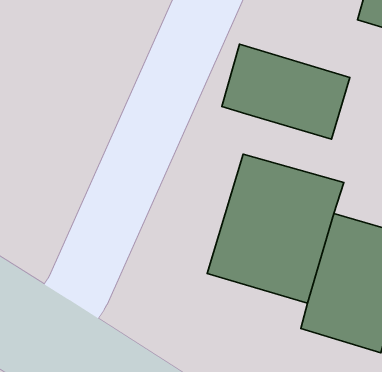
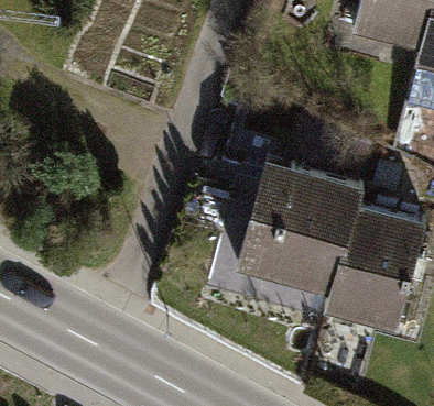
building: [222,44,350,139] -> none

